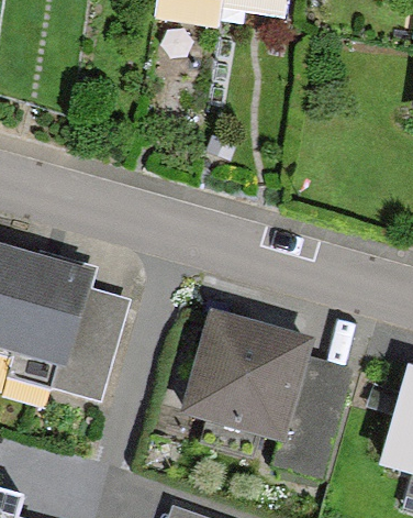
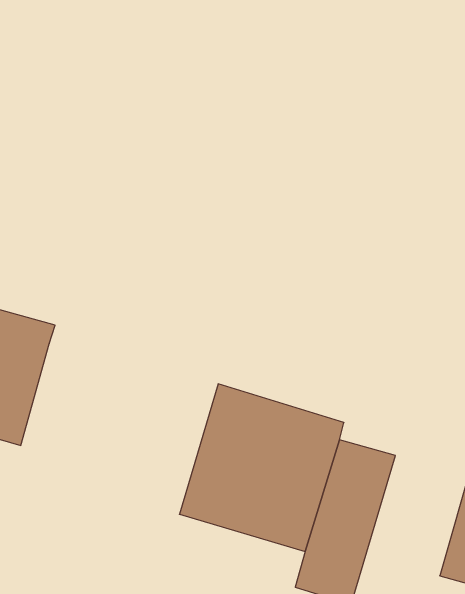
building: [51,285,122,396] -> none

